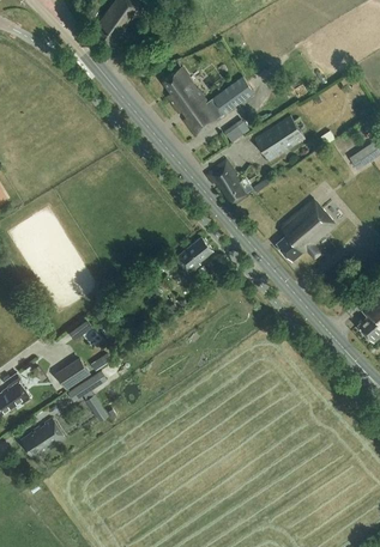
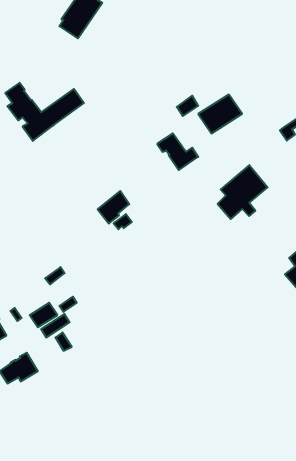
building: [162,68,254,136] -> [5,83,84,141]
building: [175,235,212,273] -> [98,191,129,224]

